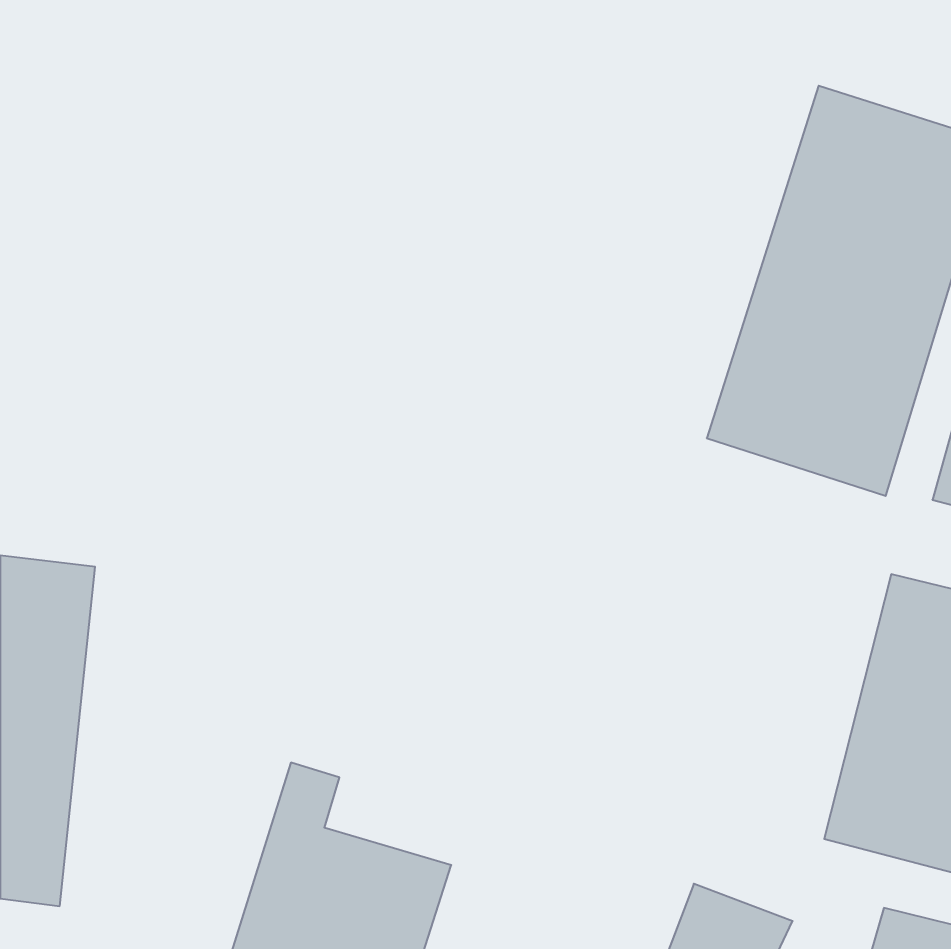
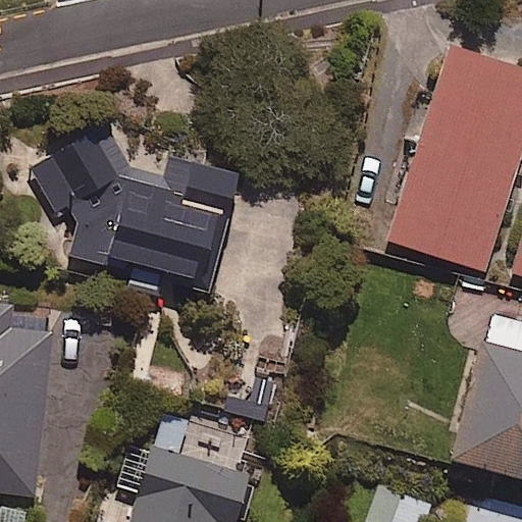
building: none -> [32,127,239,304]

